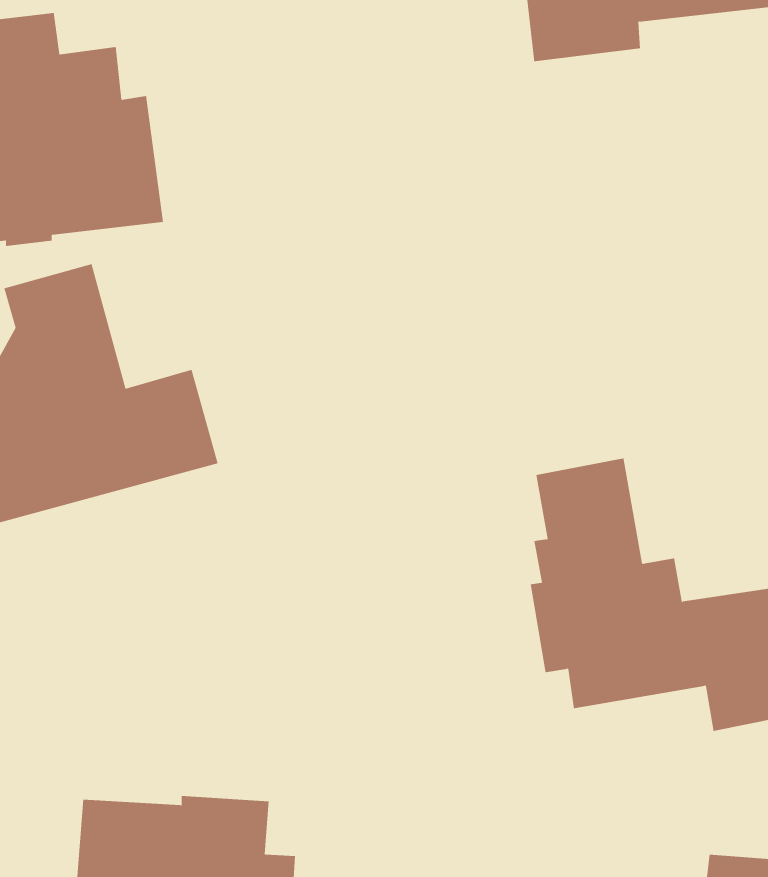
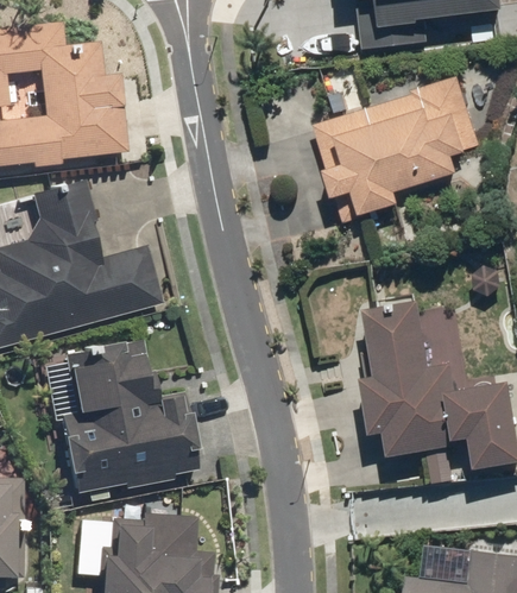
building: none -> [315,75,481,222]
building: none -> [58,337,197,493]

